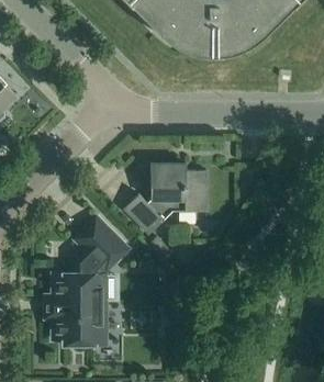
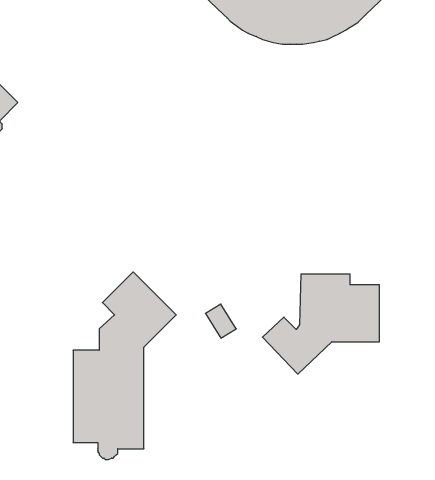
building: [123,164,206,235] -> [262,274,379,374]

